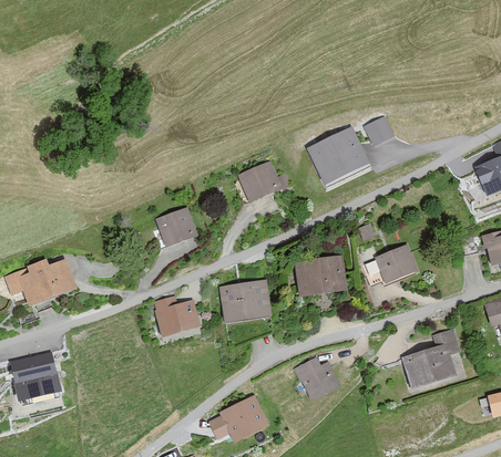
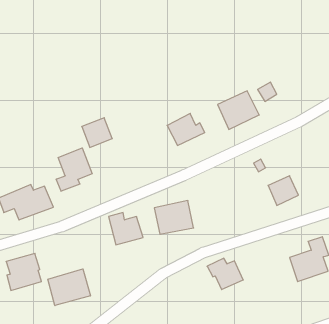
building: none -> [56,148,92,191]
building: [156,207,198,248] -> [82,118,112,147]
building: [294,252,347,297] -> none
building: none -> [48,269,90,306]
building: [211,395,273,445] -> none

